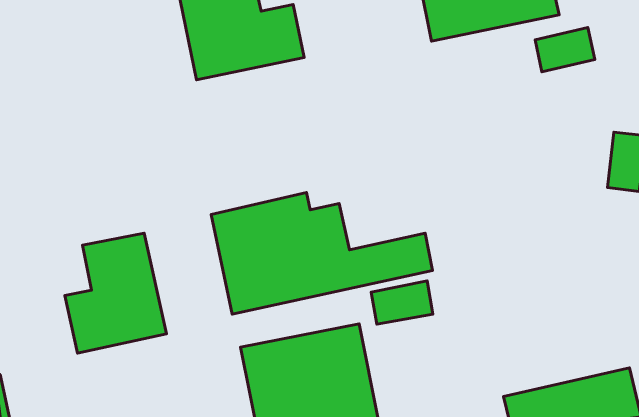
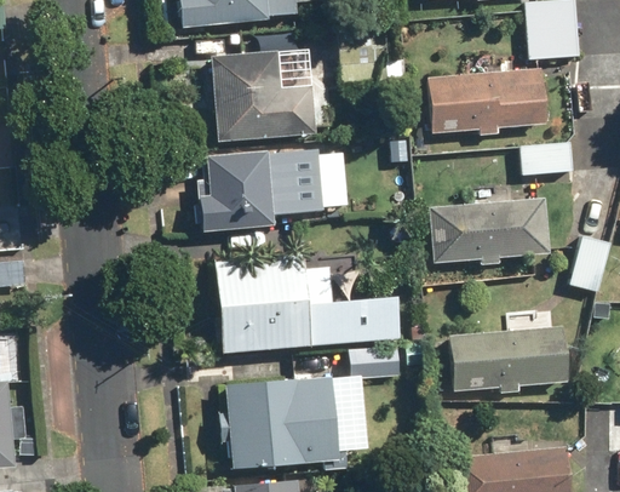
building: none -> [197,149,322,231]
building: none -> [427,198,551,263]
building: [65,233,166,353] -> none
building: none -> [449,327,568,390]

